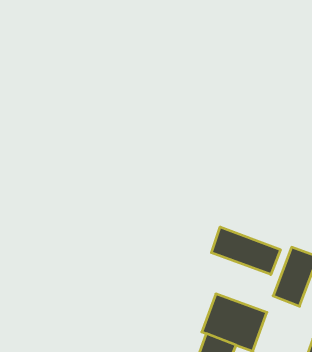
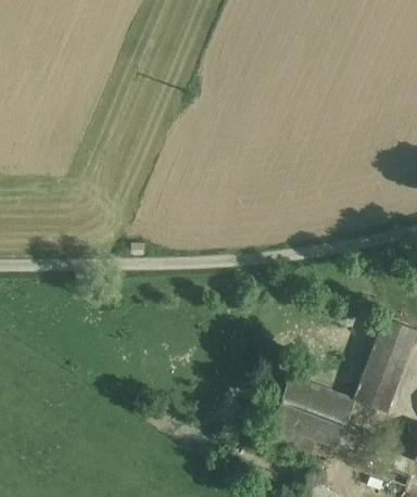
building: [211,227,280,275] -> none
building: none -> [355,378,395,411]

